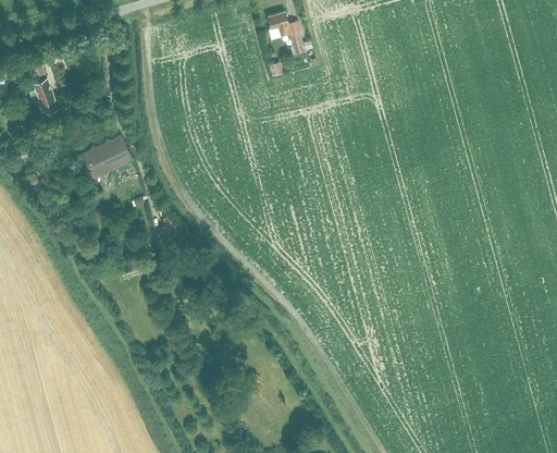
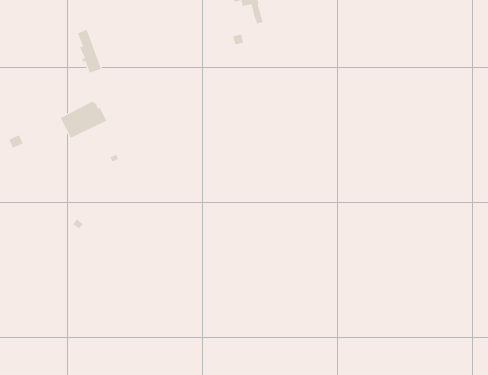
building: [30,64,58,113] -> [77,29,102,74]

